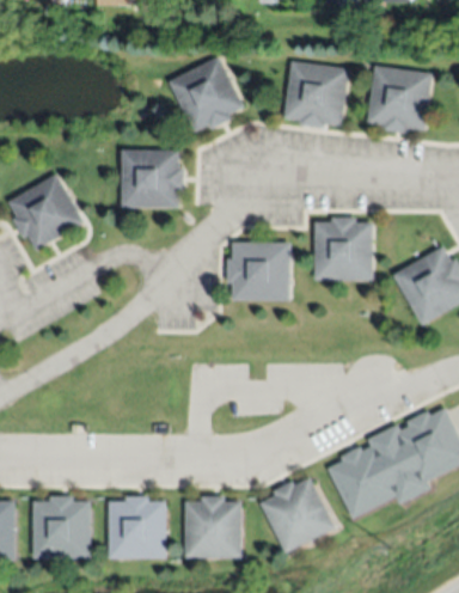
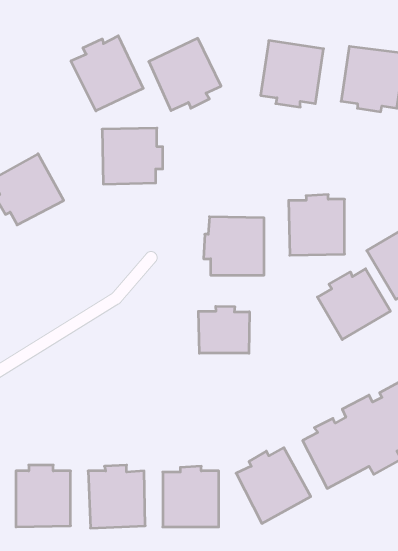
building: none -> [71,36,143,111]
building: none -> [317,269,390,340]
building: none -> [198,306,249,353]

